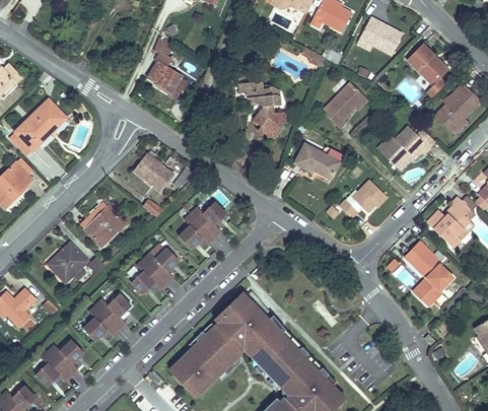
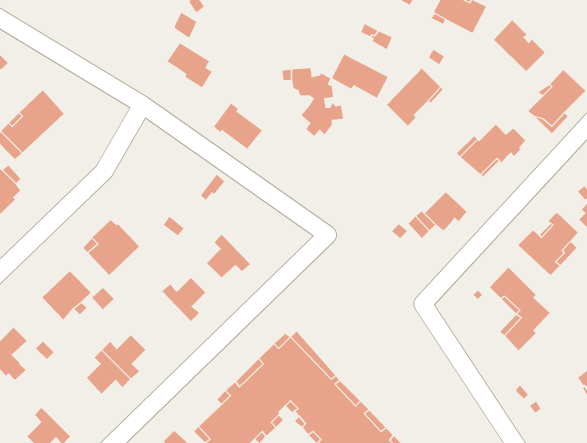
building: [294,143,340,179] -> [331,54,389,98]
building: [134,152,173,190] -> [213,102,263,150]
building: [191,202,226,237] -> none
building: [131,259,166,294] -> none
building: [48,339,83,374] -> none

